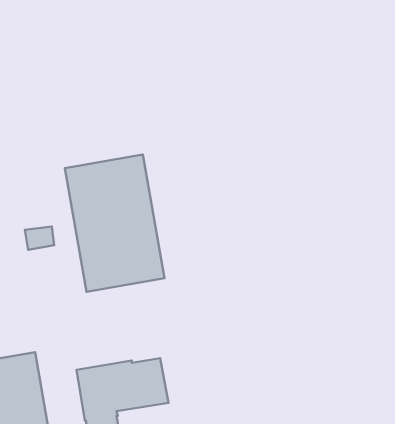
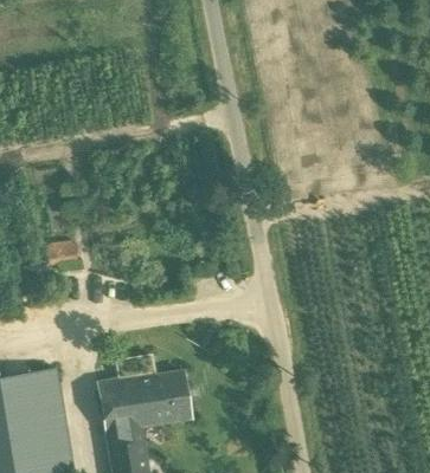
building: [65,154,165,292] -> none

